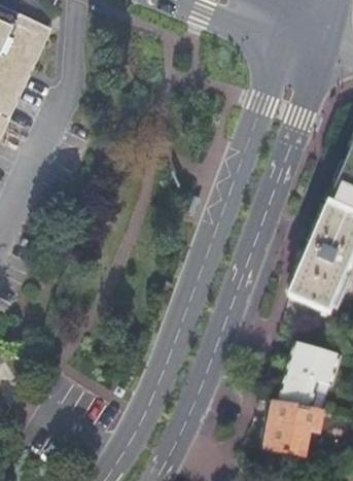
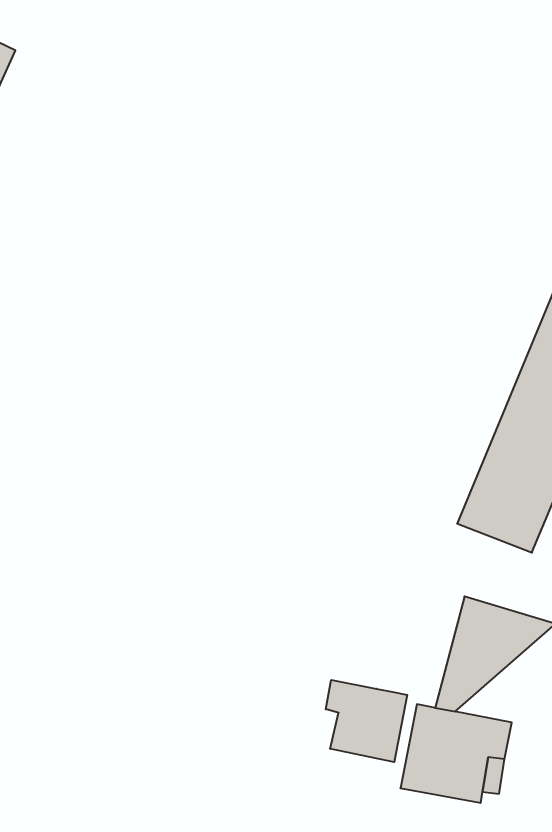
building: none -> [326,680,407,762]

